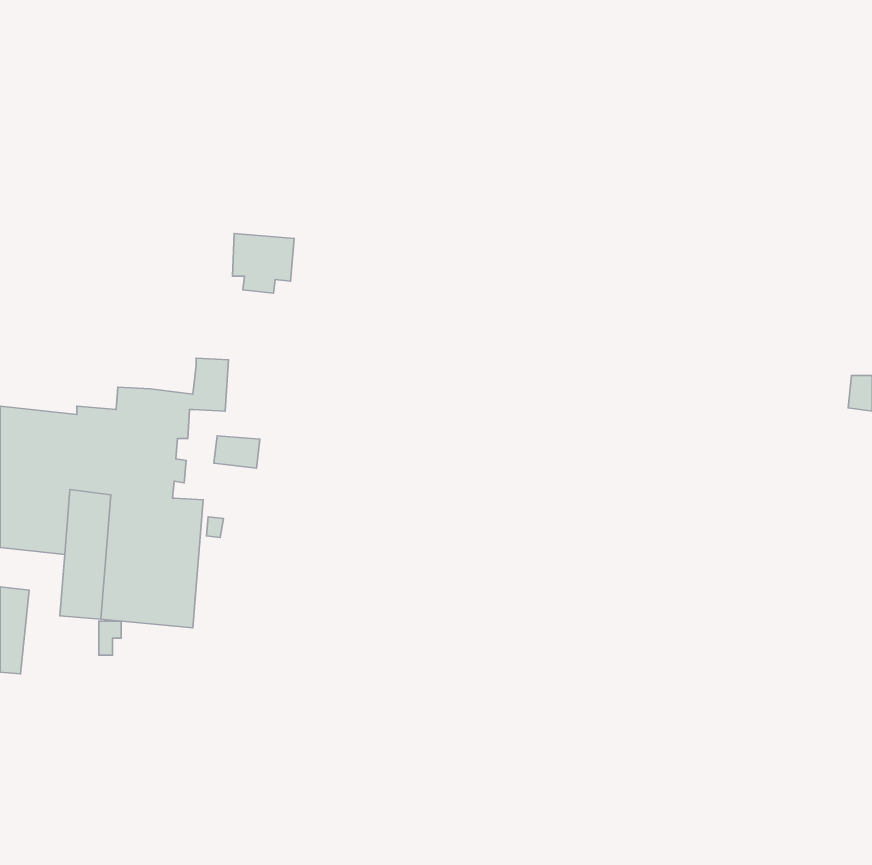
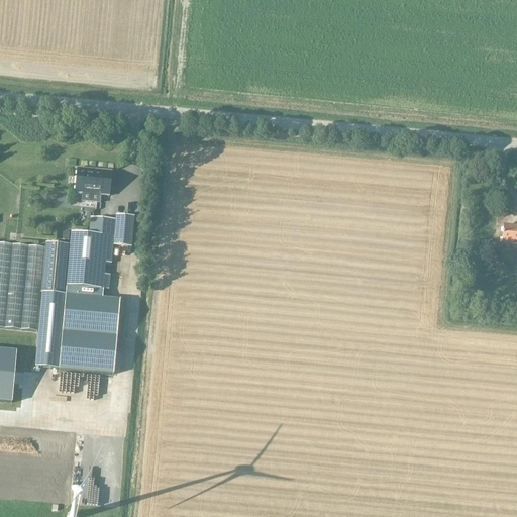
building: [233,234,294,293] -> [76,165,112,200]
building: [214,436,260,468] -> [89,214,116,233]

